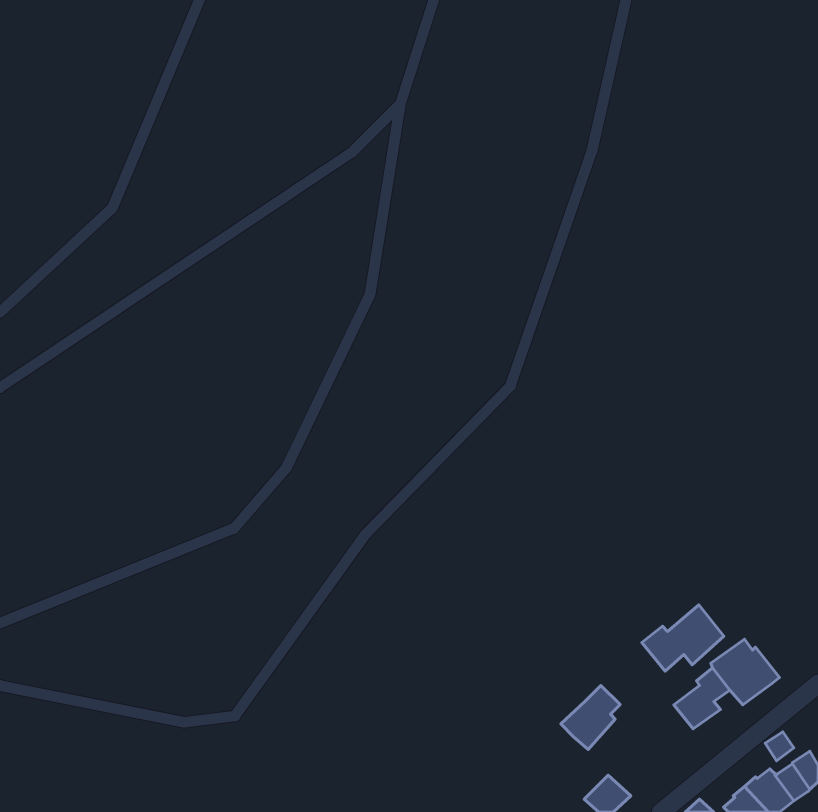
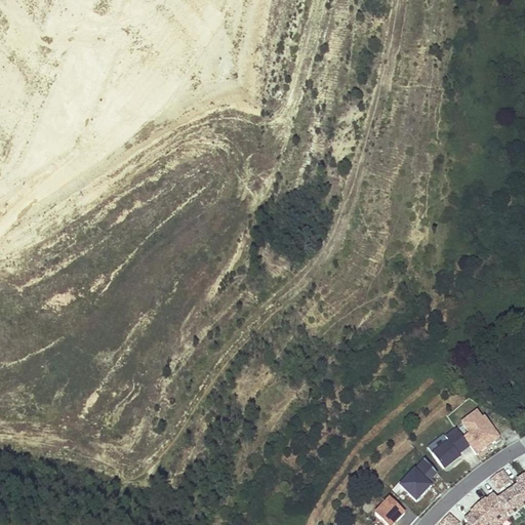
building: [642,605,724,671] -> none
building: [561,685,620,750] -> [399,458,437,499]

